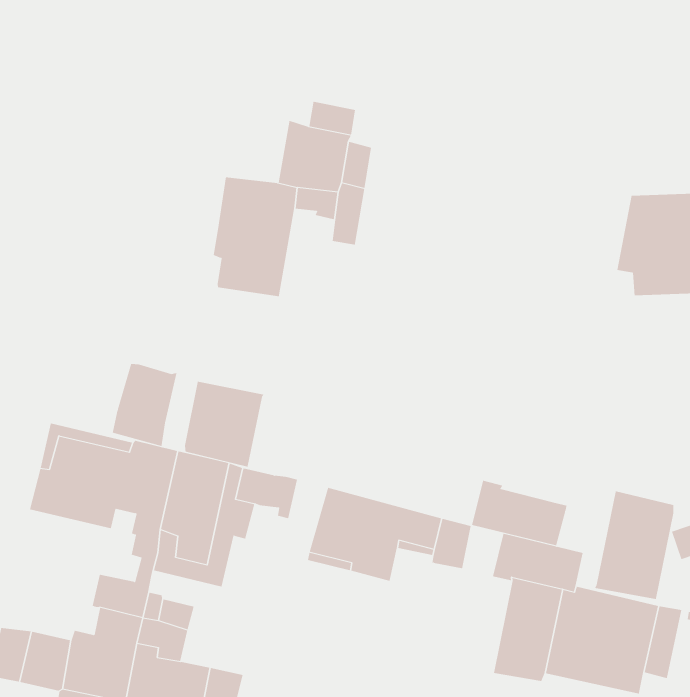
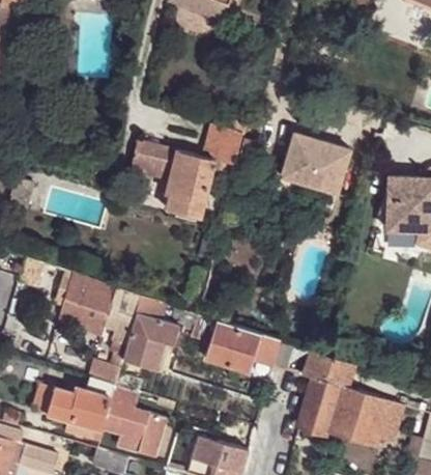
building: none -> [282,133,352,193]
building: none -> [127,142,174,179]
building: [112,363,177,447] -> none
building: [184,381,264,467] -> none
building: [472,480,567,546] -> none
building: [594,490,674,600] -> none

